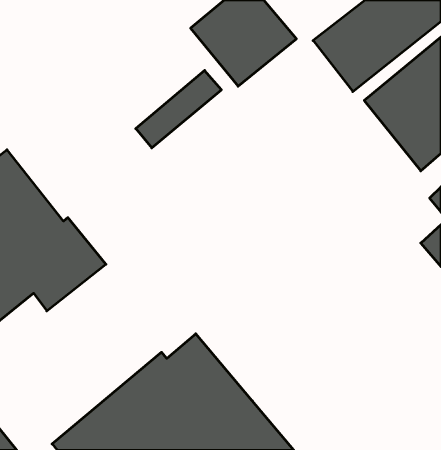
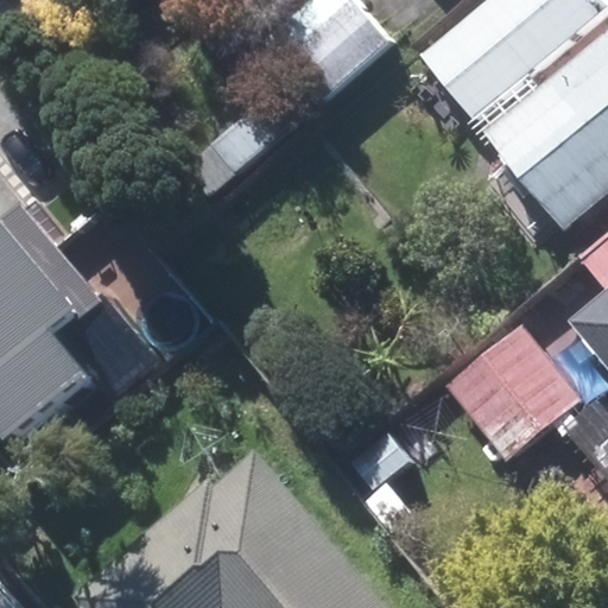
building: none -> [441,323,578,461]

